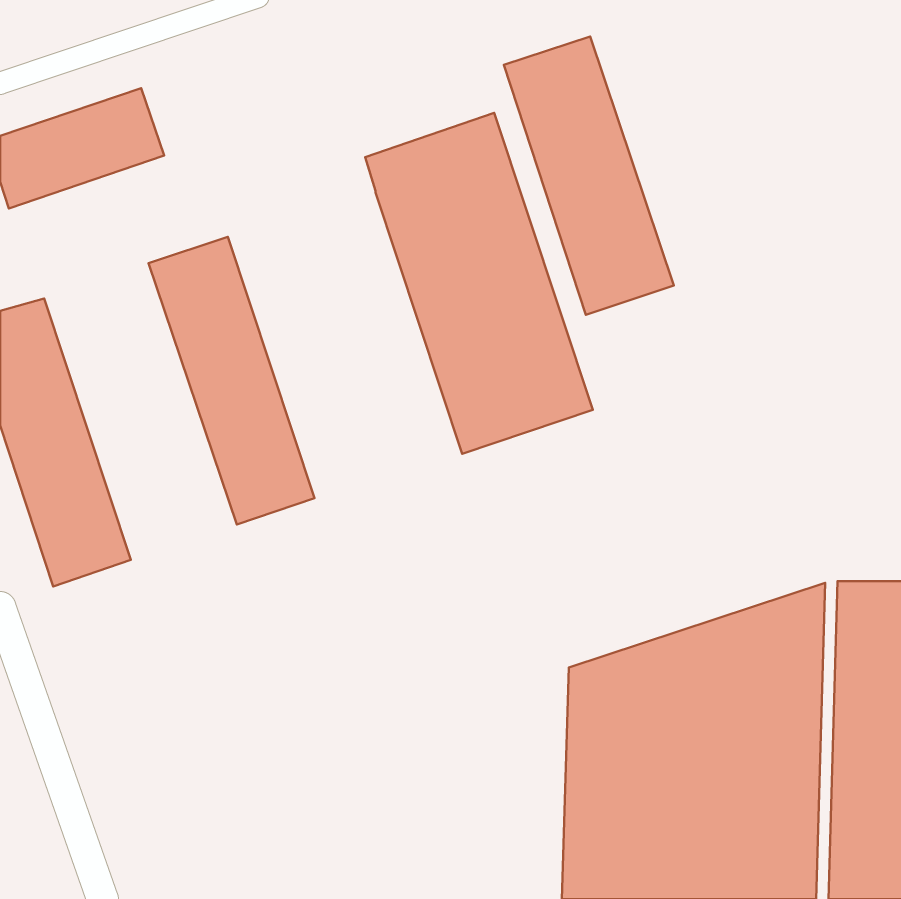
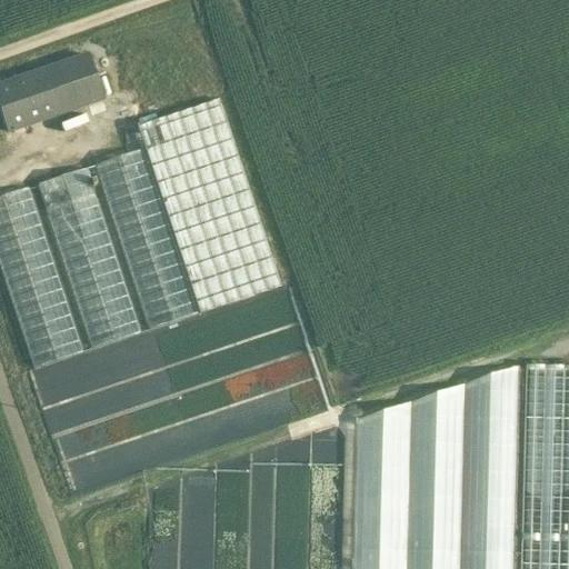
building: [504,37,674,315] -> none
building: [365,113,593,454] -> [138,99,281,313]
building: none -> [37,168,141,350]

